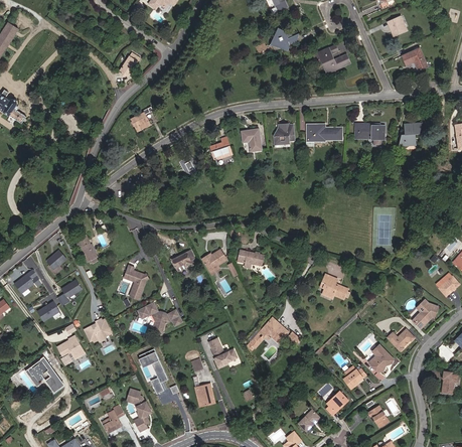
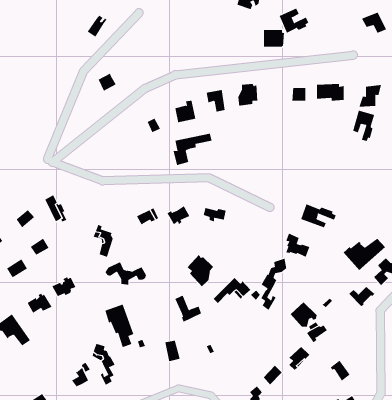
building: [307,123,329,141] -> [263,30,285,47]
building: none -> [353,110,375,142]
building: none -> [173,133,212,166]
building: none -> [300,203,337,228]
building: none -> [343,238,386,271]
building: none -> [187,254,214,287]
building: none -> [260,258,287,311]
building: [364,344,393,370] -> [290,302,317,327]

